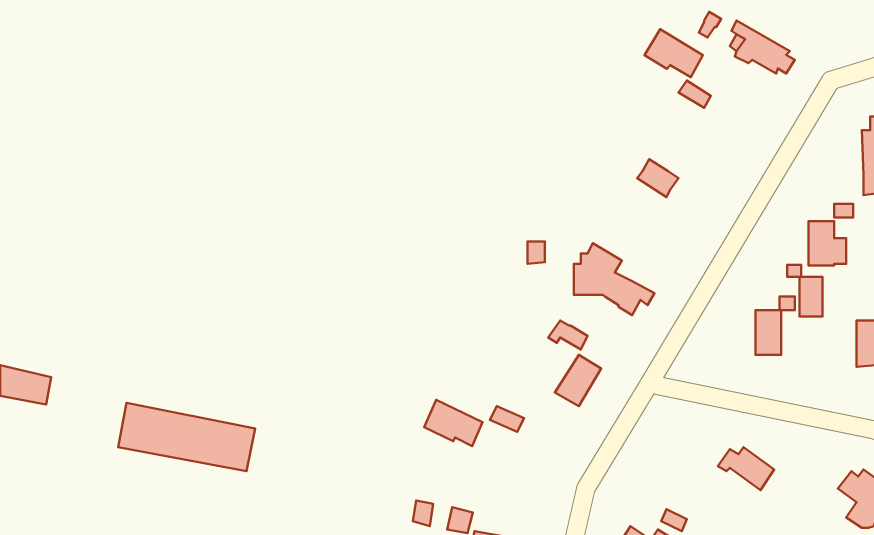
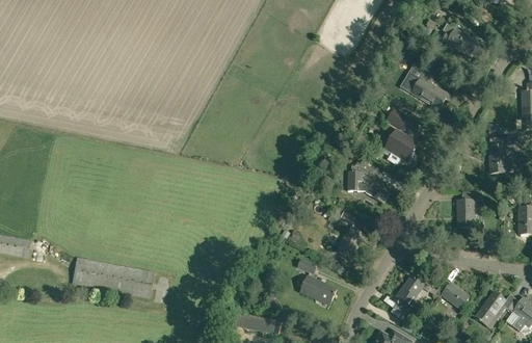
building: [645,29,703,77] -> [413,78,448,107]
building: none -> [385,128,420,161]
building: [787,265,823,316] -> none
building: [424,400,482,446] -> [301,274,337,302]
building: none -> [394,275,433,316]
building: none -> [476,291,516,325]

